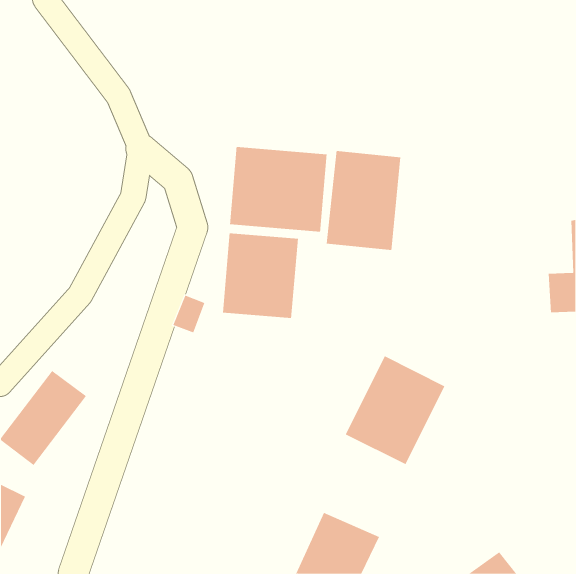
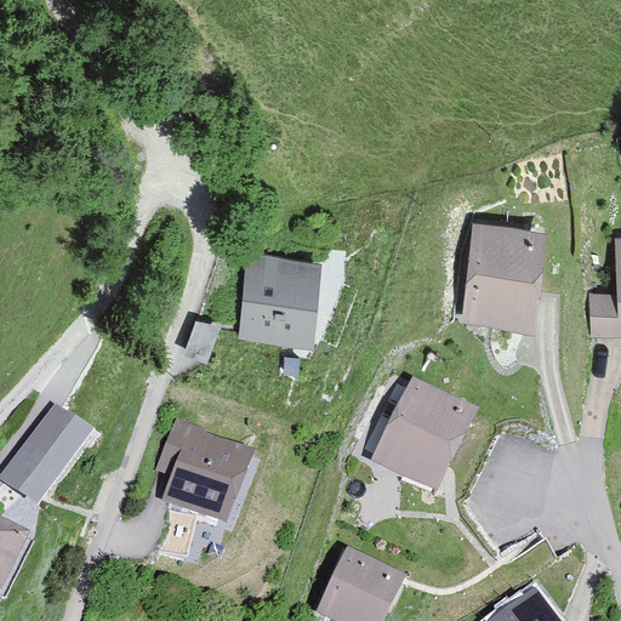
building: [229,146,327,232] -> none
building: [326,150,401,251] -> [463,221,545,329]
building: none -> [154,421,253,526]

